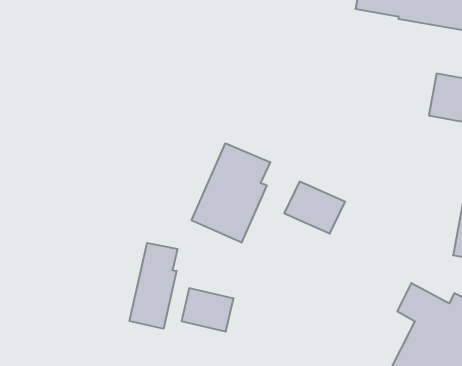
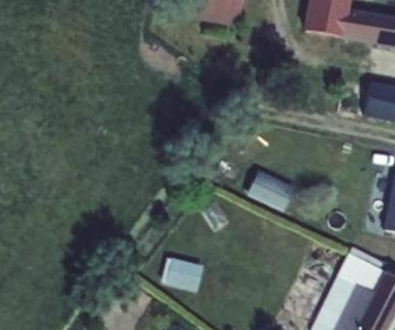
building: [191,143,270,243] -> none
building: [129,243,177,329] -> none

